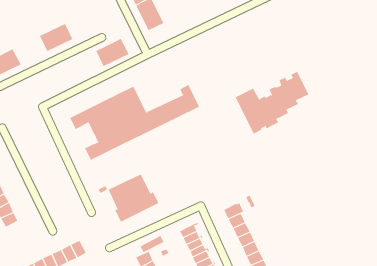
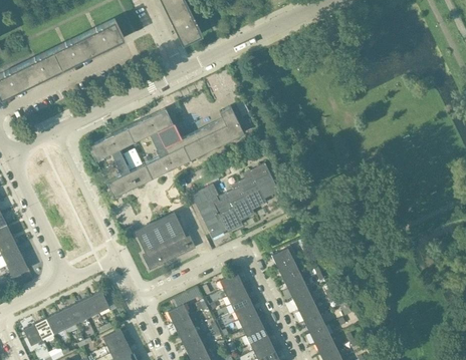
building: none -> [22,49,62,83]
building: [96,38,129,67] -> [84,19,125,53]
building: [235,71,309,134] -> [191,163,279,239]

